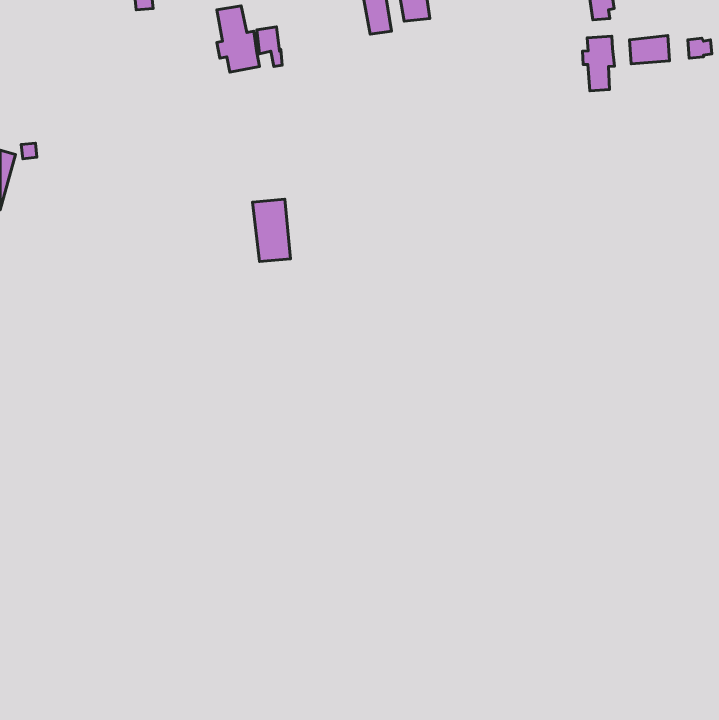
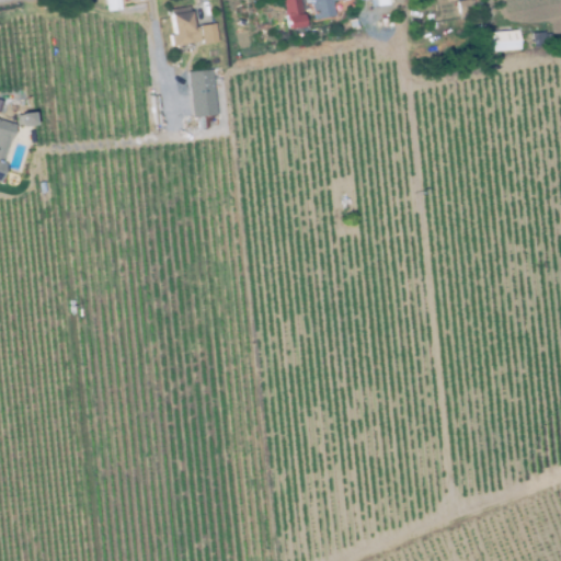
building: [582,36,615,91] -> none
building: [252,199,291,262] -> [190,68,219,116]

